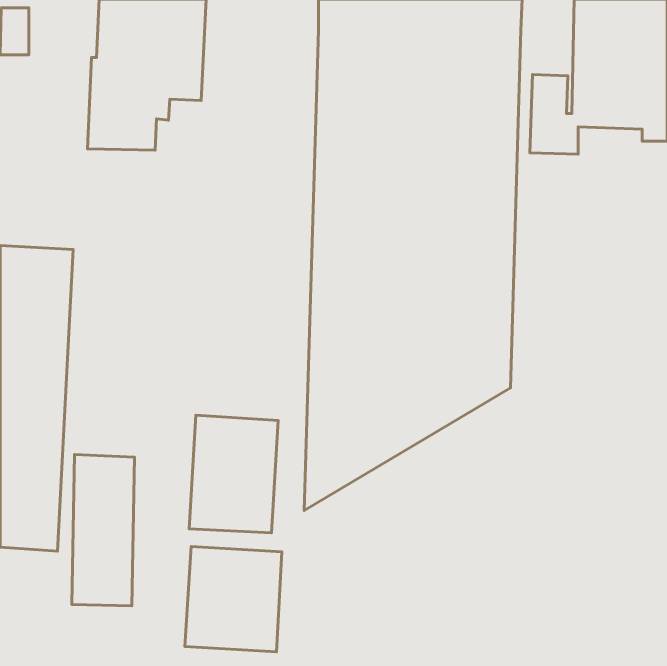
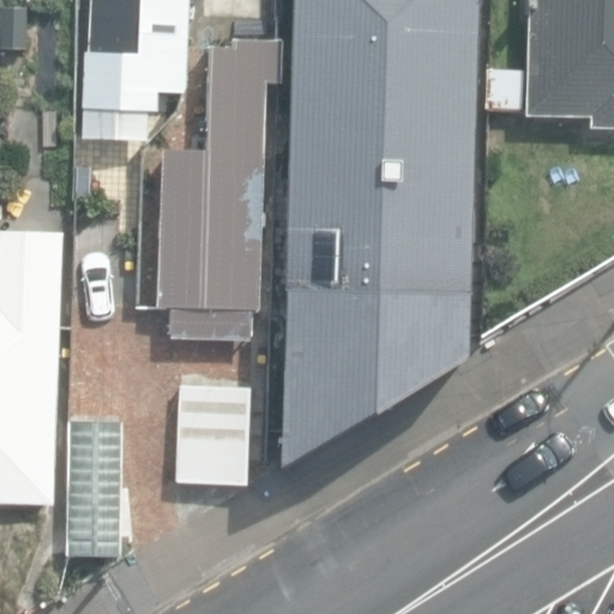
building: none -> [157,38,279,341]
building: [185,547,282,652] -> none

